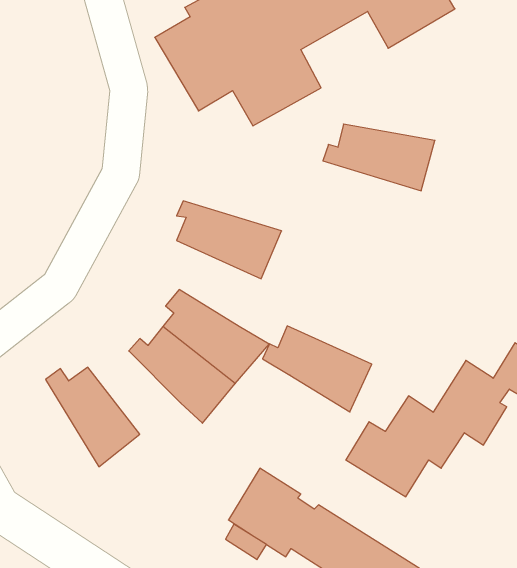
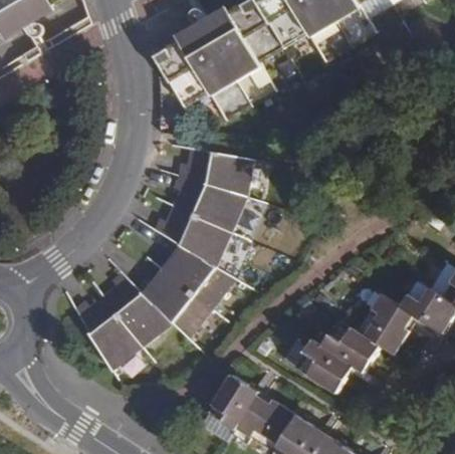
building: [323,124,435,191] -> [174,148,256,197]
building: [263,326,372,412] -> [151,204,231,267]
building: none -> [103,270,172,347]

